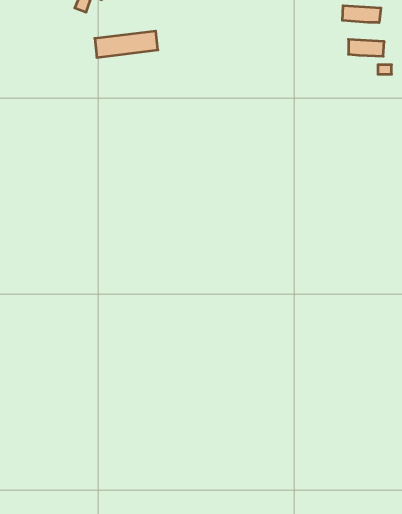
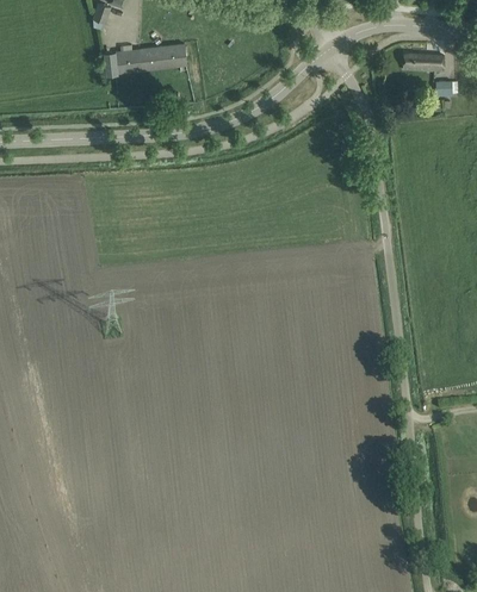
building: [342,6,381,23] -> none

